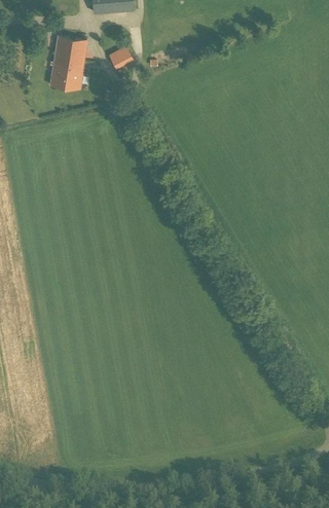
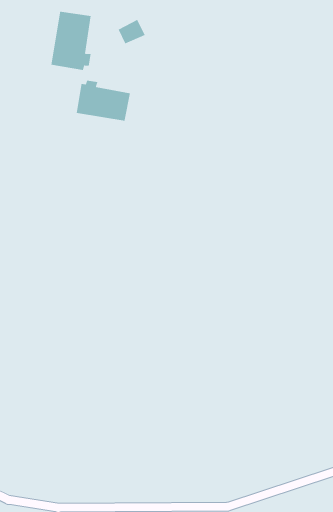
building: none -> [76,80,131,122]

